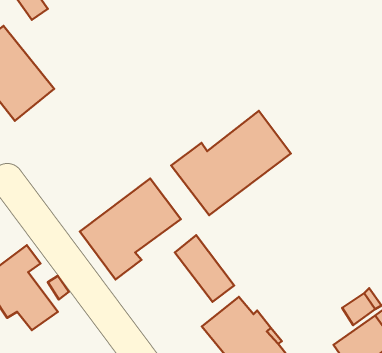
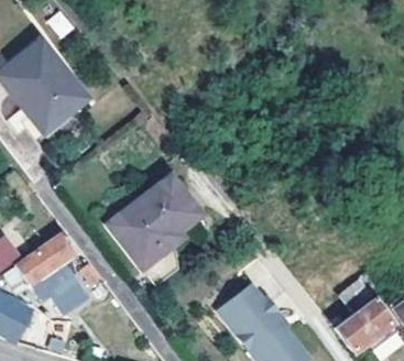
building: [171,111,291,215] -> none
building: [175,235,234,302] -> none

